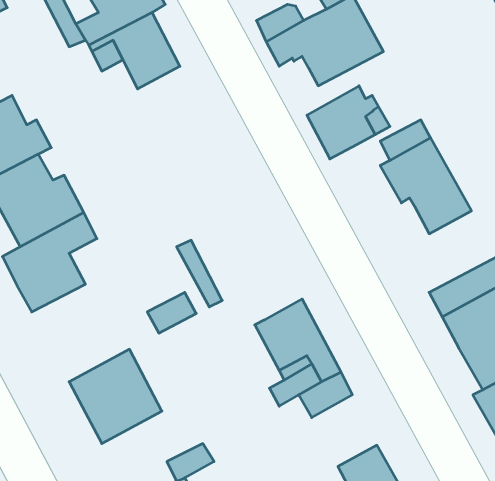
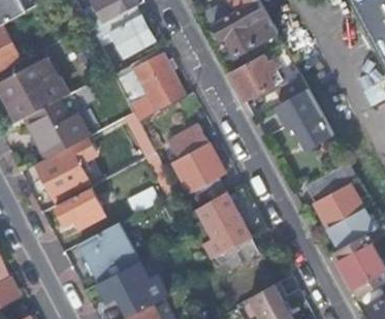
building: none -> [115,53,187,121]
building: none -> [169,123,227,203]
building: none -> [57,188,105,227]
building: none -> [100,260,151,300]

